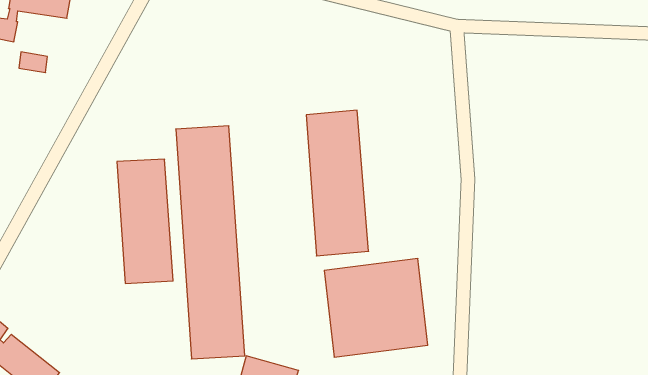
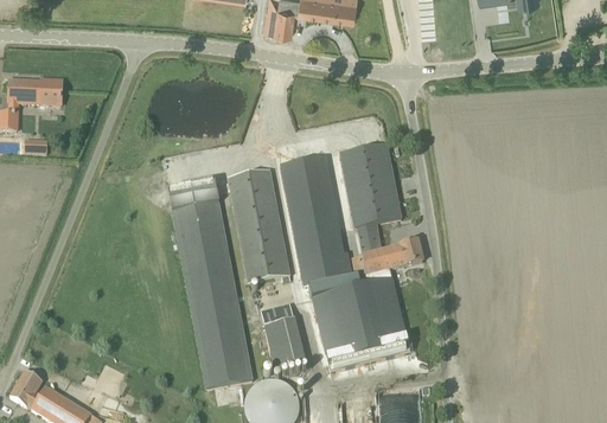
building: none -> [339,143,401,232]
building: [117,159,173,283] -> [228,169,289,282]
building: none -> [351,239,422,276]
building: none -> [264,314,306,371]

